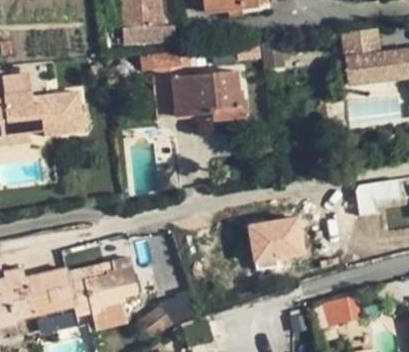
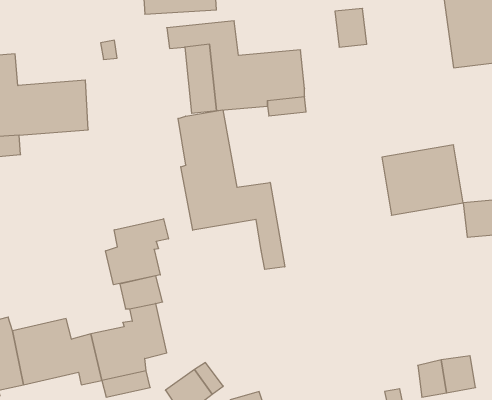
building: none -> [178,110,285,269]
building: none -> [106,219,168,285]
building: [247,215,306,266] -> [382,145,463,215]

